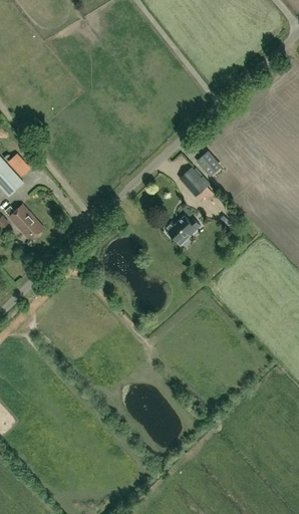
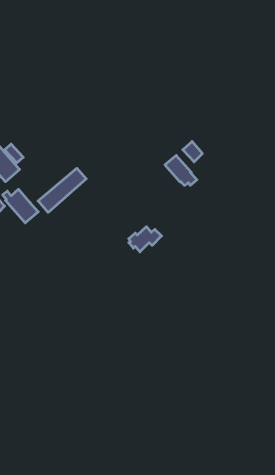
building: none -> [38,168,86,212]
building: [166,216,201,243] -> [129,227,162,252]

